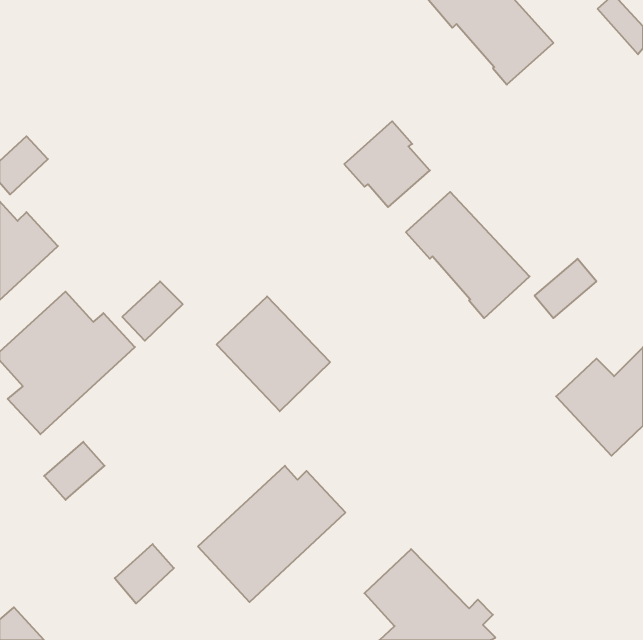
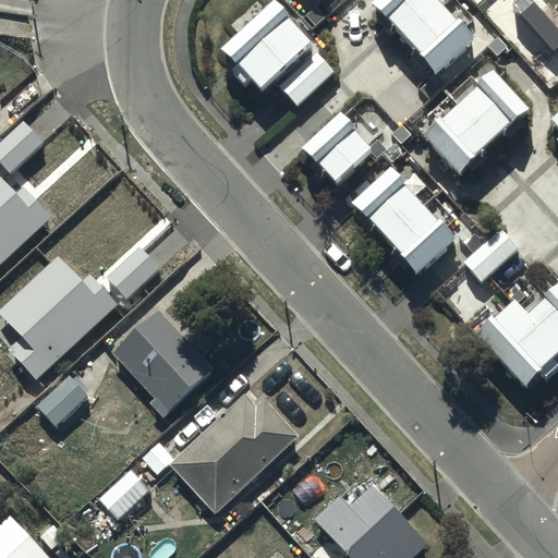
building: none -> [225,10,335,107]
building: none -> [418,60,533,173]
building: [217,296,330,411] -> [114,312,213,411]

